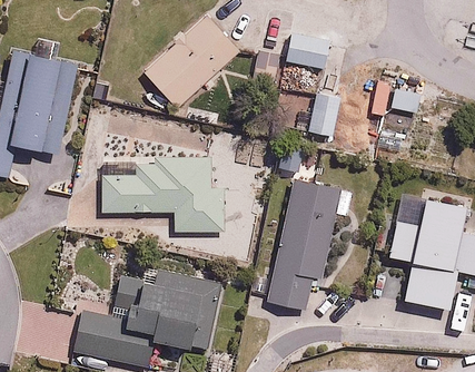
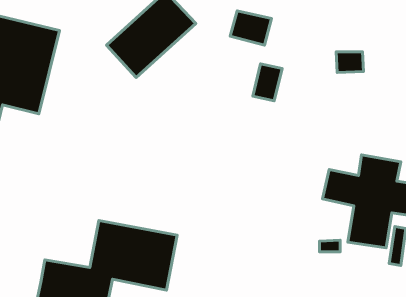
building: [102,153,225,231] -> none
building: [269,180,339,310] -> none

